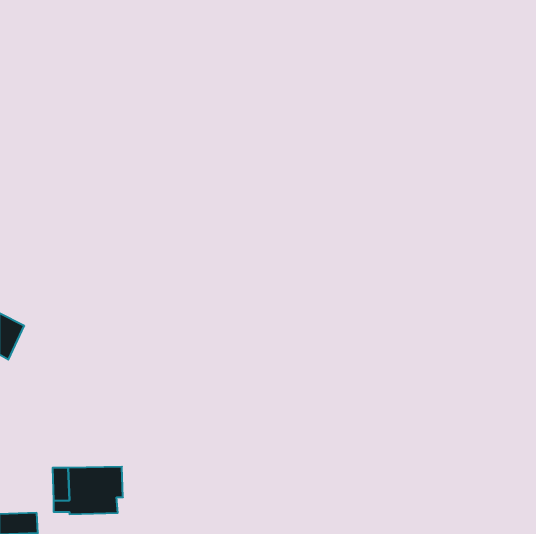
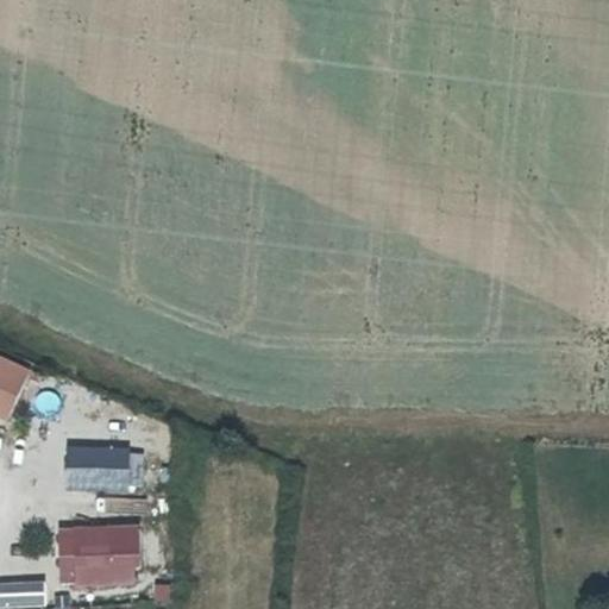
building: none -> [68,448,127,489]

